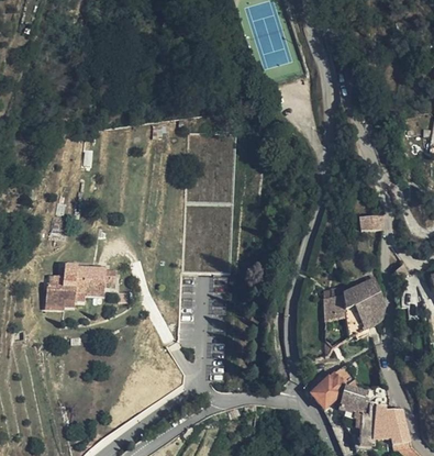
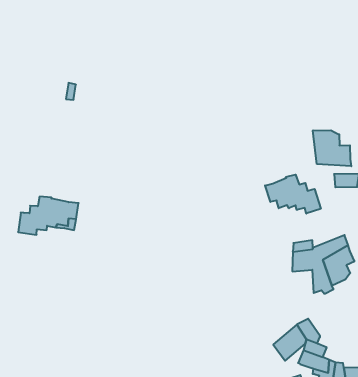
building: none -> [313,130,351,166]
building: none -> [265,175,321,214]

